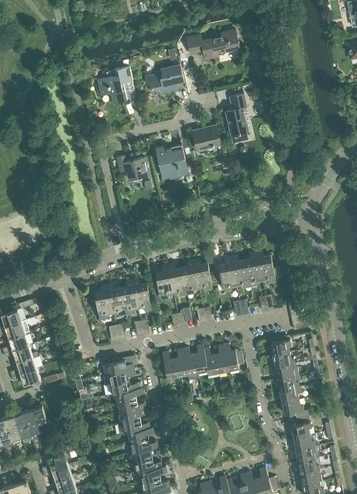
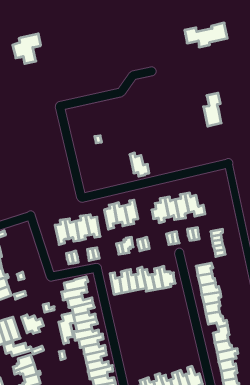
building: [187,30,240,60] -> [185,23,227,47]
building: [145,59,184,94] -> none
building: [98,66,133,103] -> [13,34,41,64]
building: [226,95,248,136] -> [203,93,221,126]
building: [193,126,221,151] -> none
building: [156,145,188,178] -> none
building: [116,156,149,180] -> none
building: [193,259,217,288] -> [130,153,149,176]
building: none -> [59,313,75,344]
building: none -> [21,315,44,334]
building: none -> [4,342,32,356]

